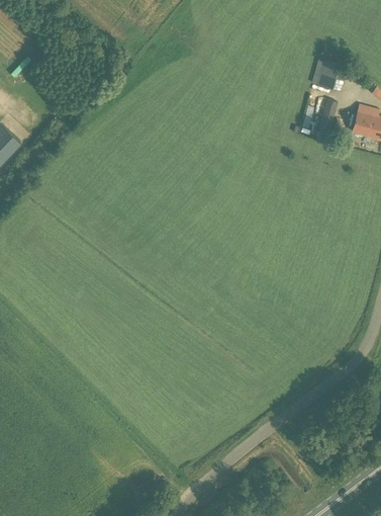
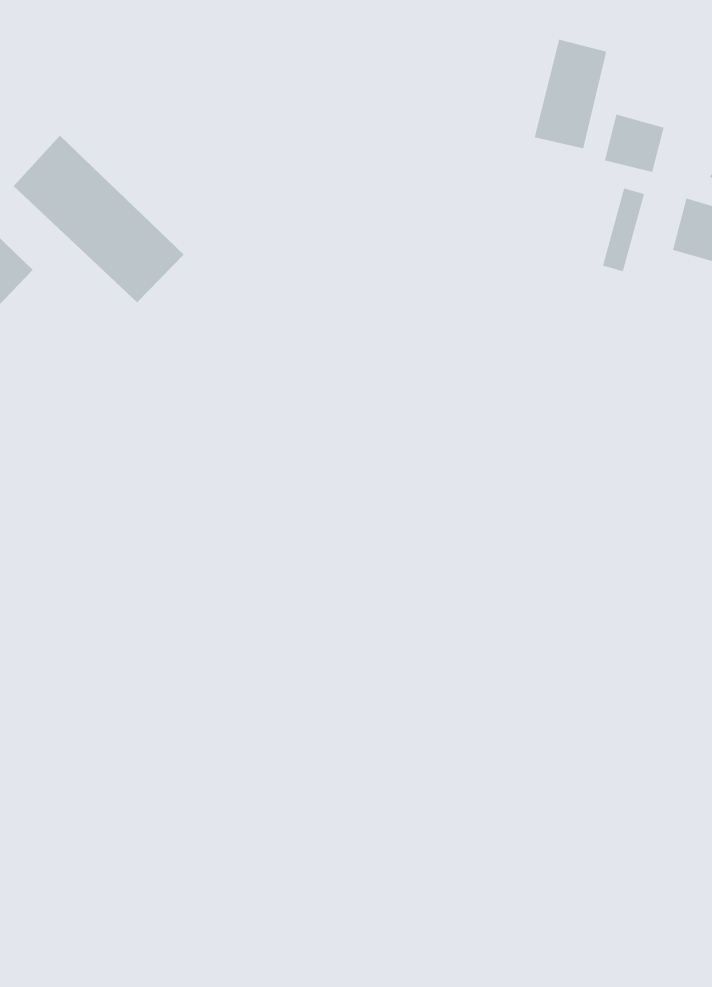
building: none -> [534,39,607,149]
building: none -> [13,135,184,303]

